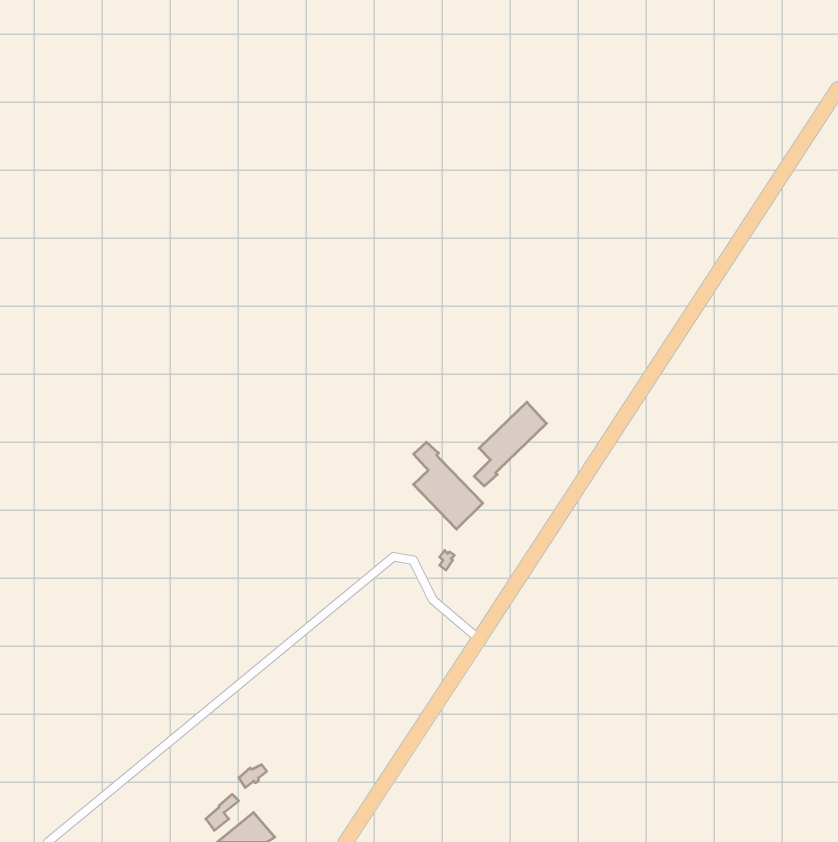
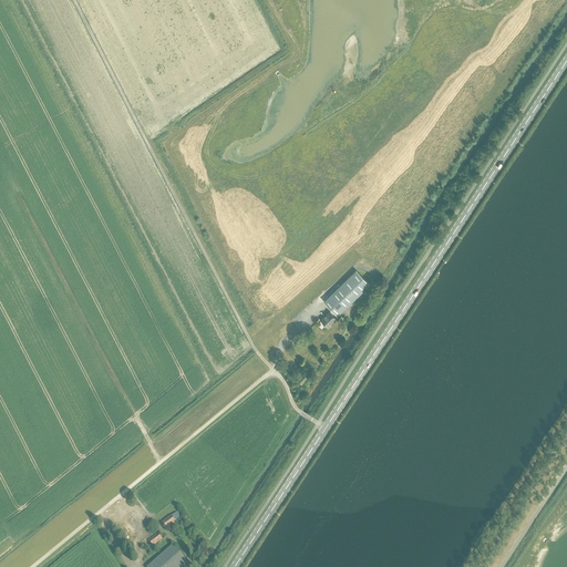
building: [413,442,483,529] -> none

